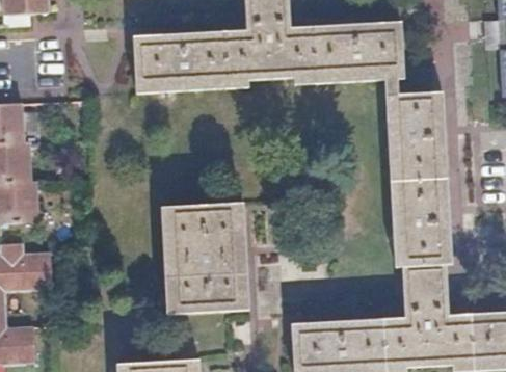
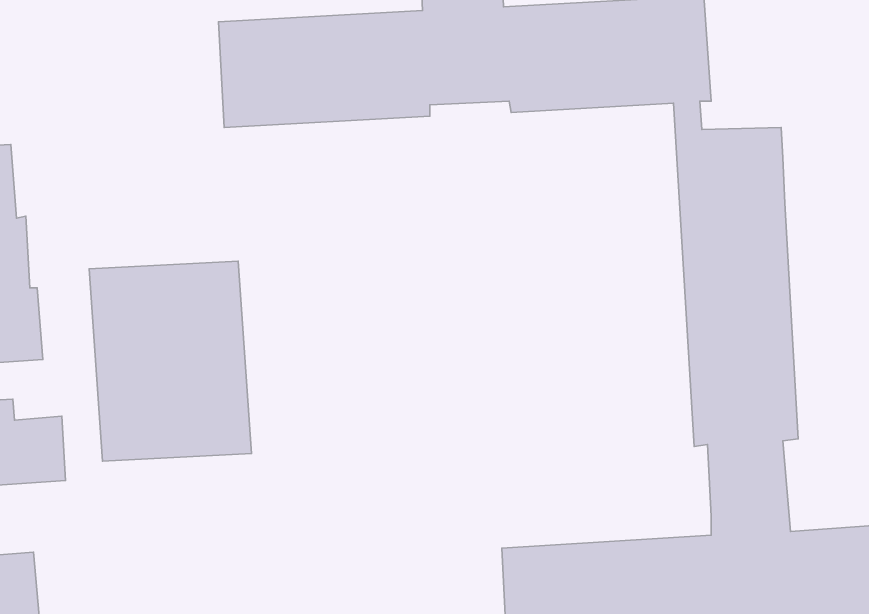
building: [160,205,249,315] -> [89,261,252,461]

